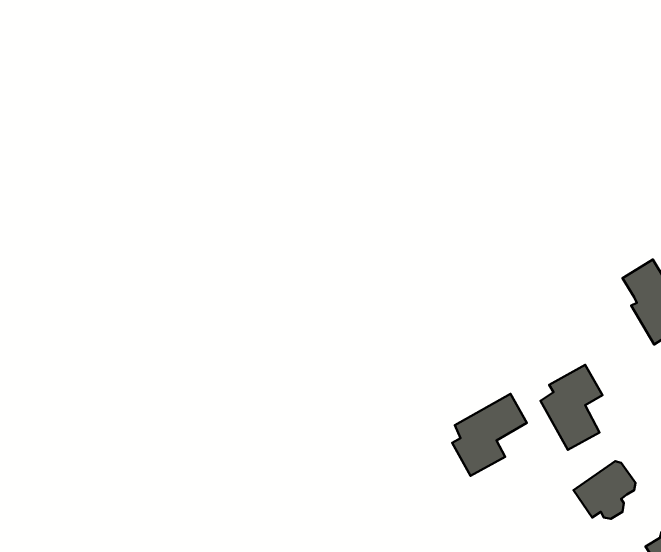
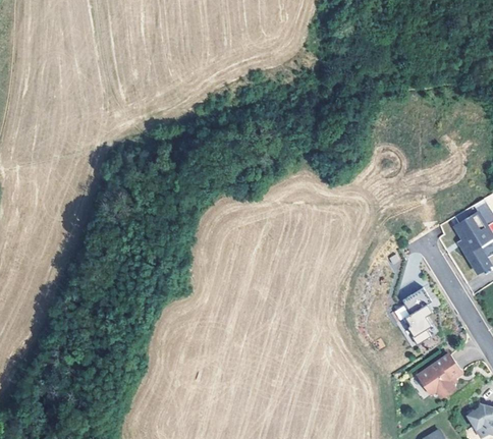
building: [452,394,527,476] -> none

